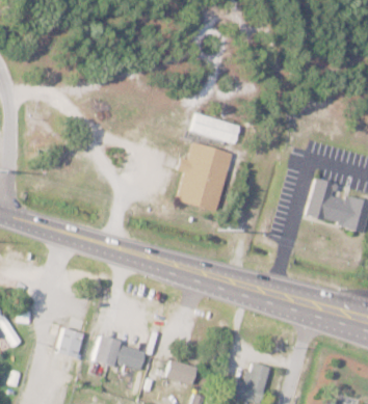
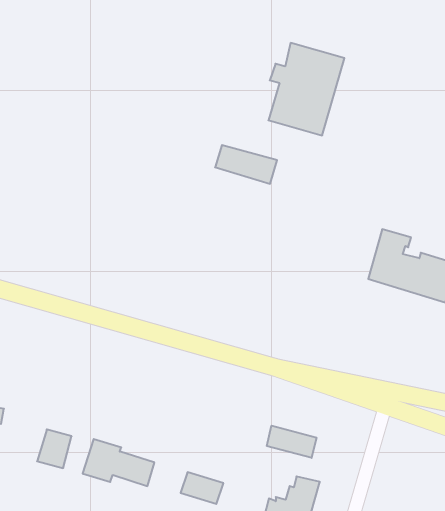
building: [176,142,233,212] -> [268,43,344,135]
building: none -> [267,426,316,458]

